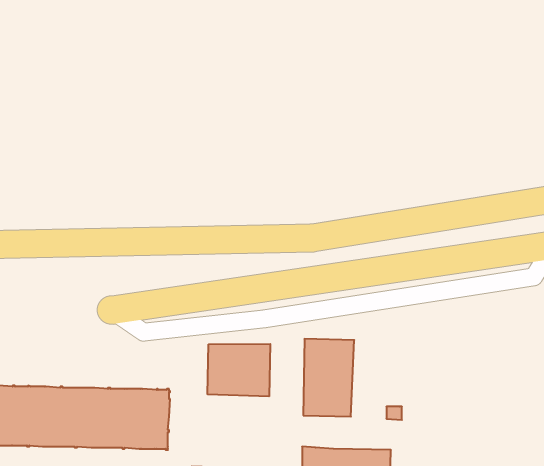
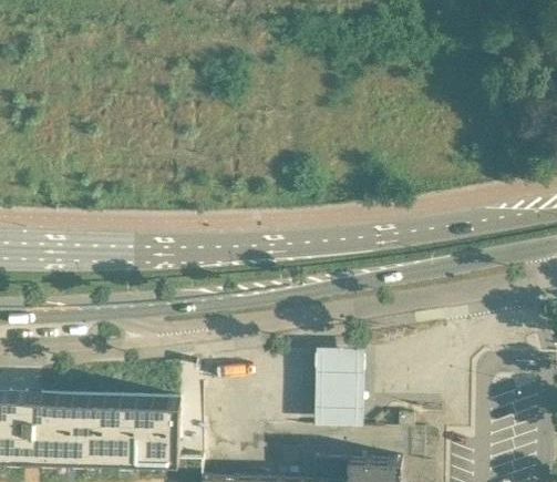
building: [208,344,270,396] -> none

